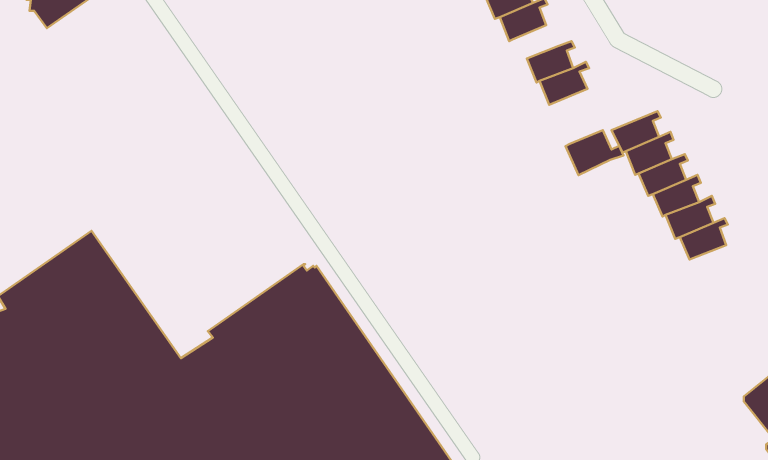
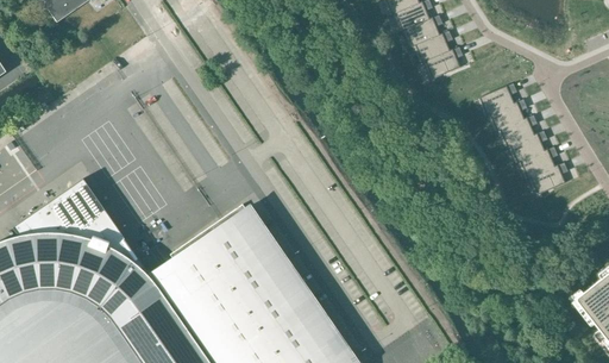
building: none -> [404,18,440,49]
building: [566,130,623,175] -> none

